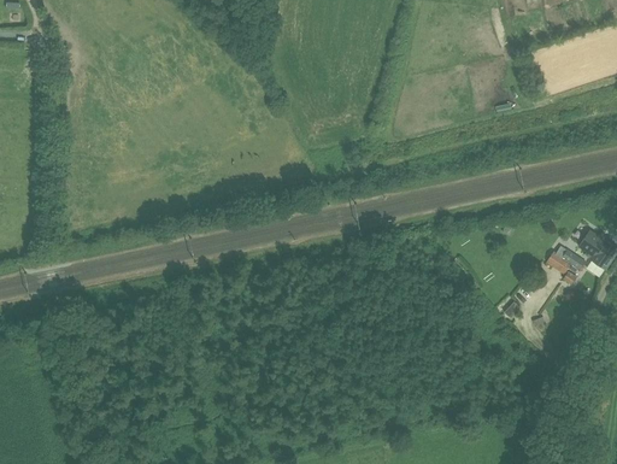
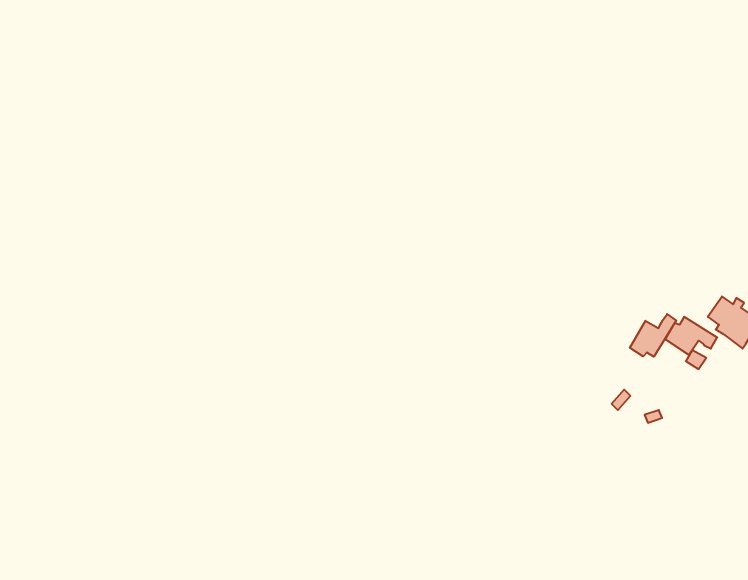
building: none -> [630,314,676,357]

